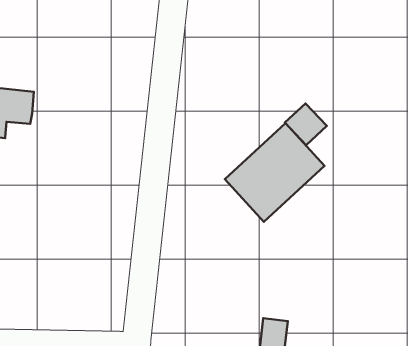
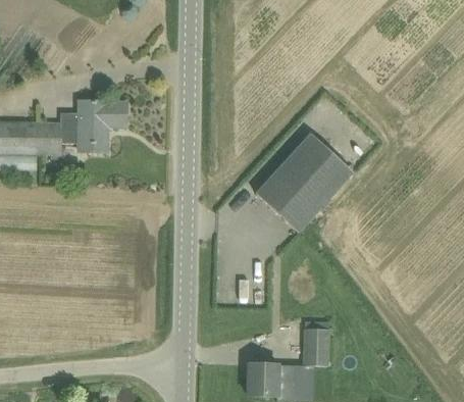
building: none -> [60,102,127,152]
building: [285,103,327,145] -> none

